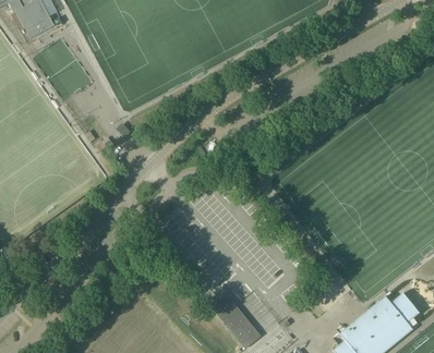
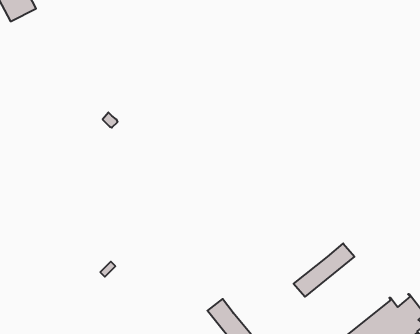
building: none -> [294,243,354,297]

